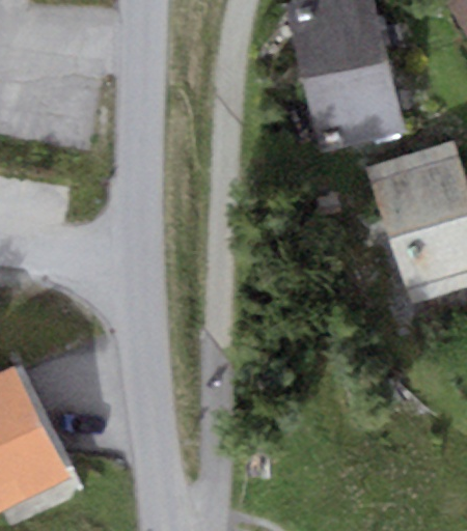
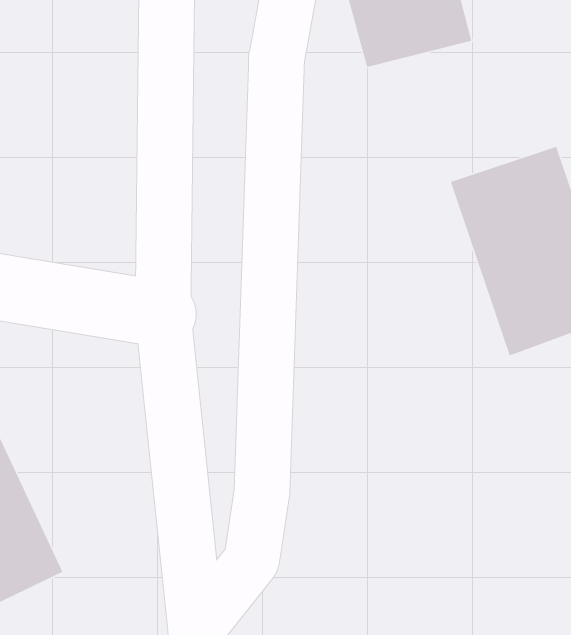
building: [303,60,405,153] -> none

